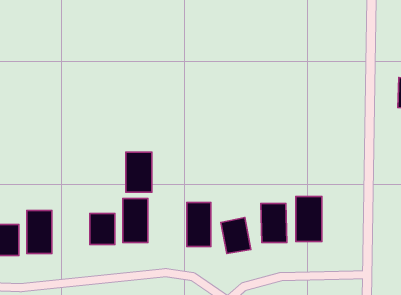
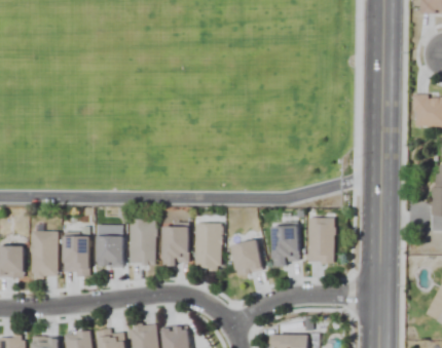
building: [126,152,152,192] -> [161,224,188,265]
building: none -> [63,235,88,275]

